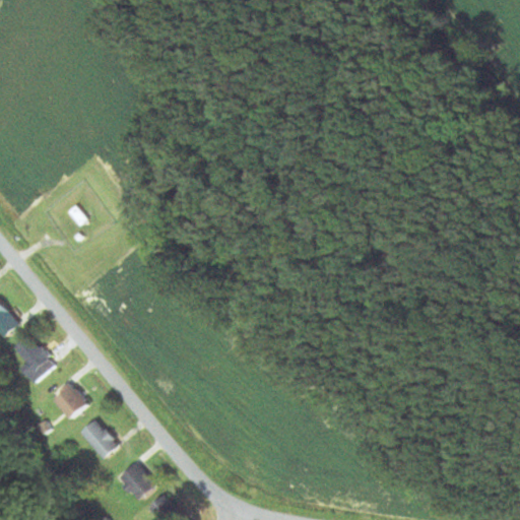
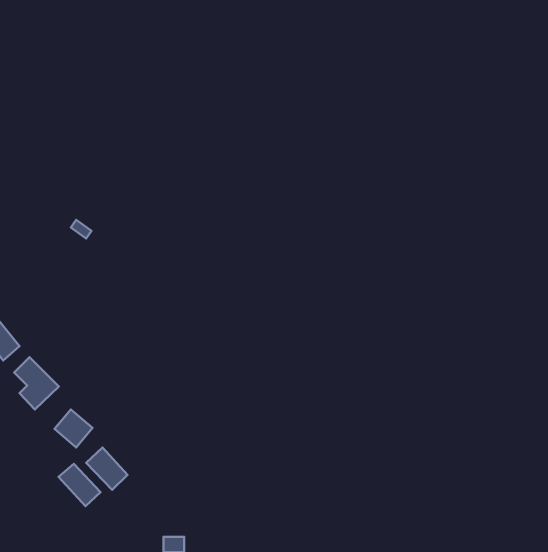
building: none -> [59,464,100,506]
building: [119,462,156,500] -> none

